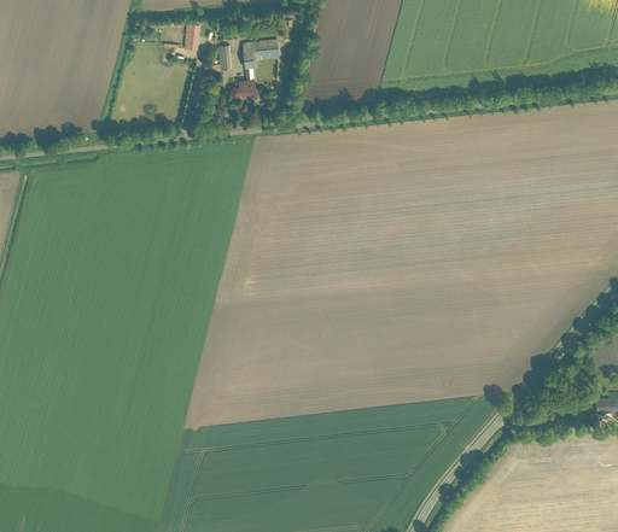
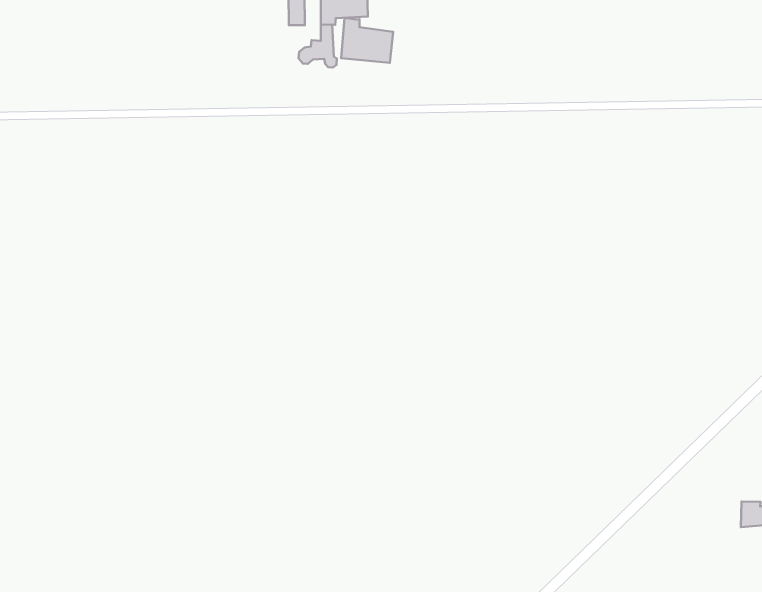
building: none -> [341,18,393,63]

